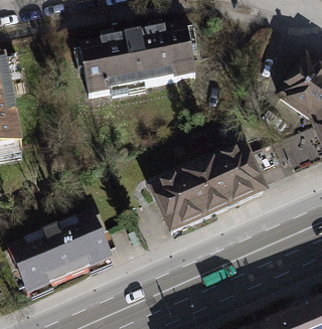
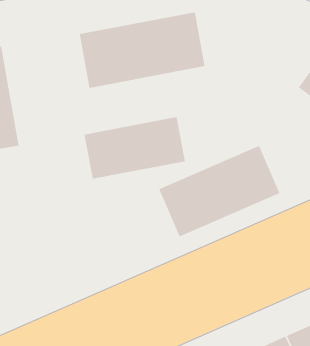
building: none -> [83,116,186,180]
building: [10,215,114,297] -> none

